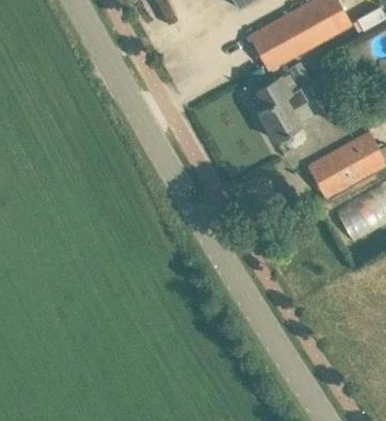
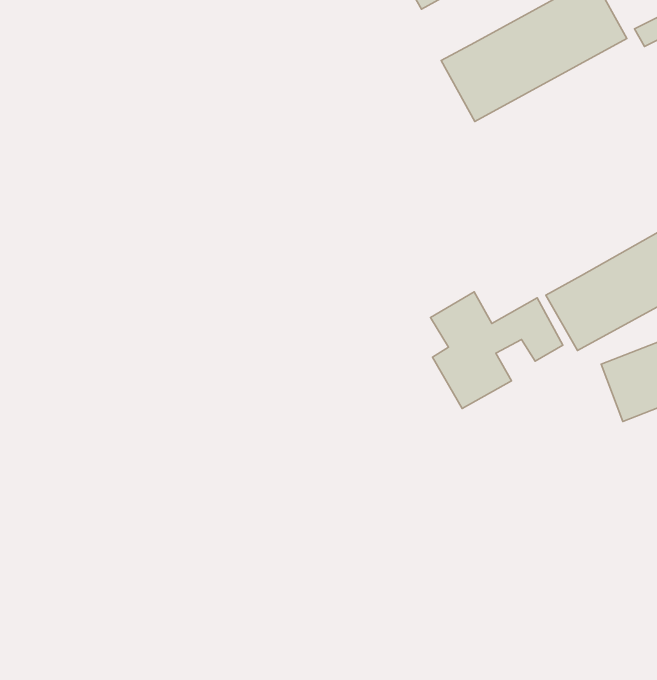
building: [257,75,330,140] -> [431,292,563,408]

